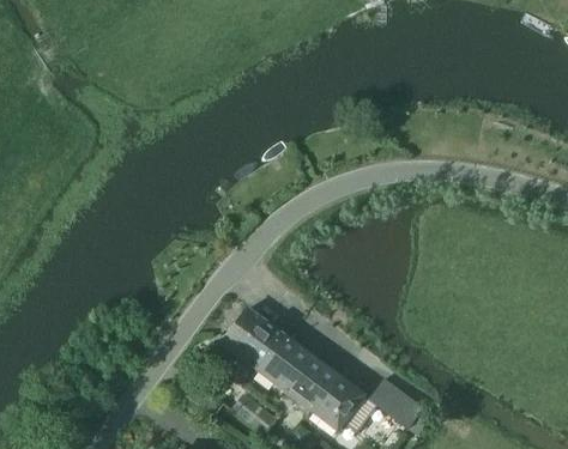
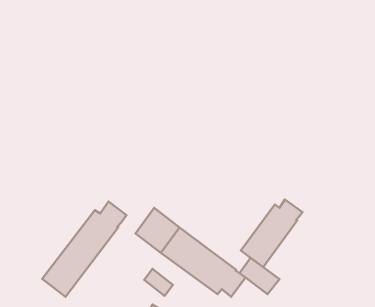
building: none -> [241,200,302,267]
building: none -> [42,202,127,297]

